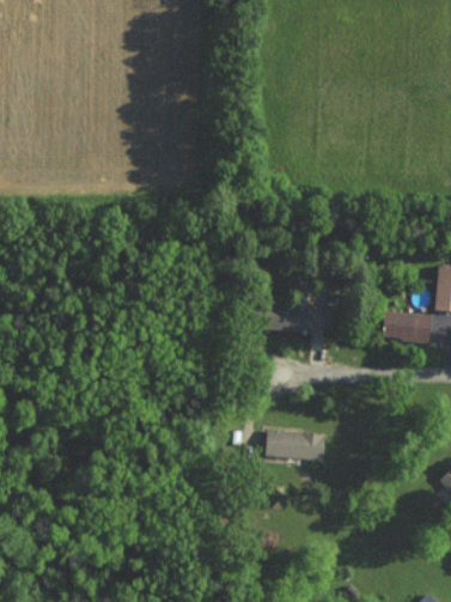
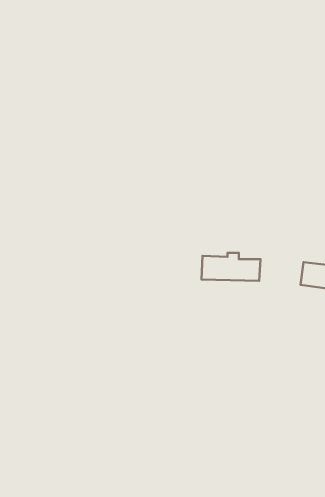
building: [266,431,325,461] -> none

